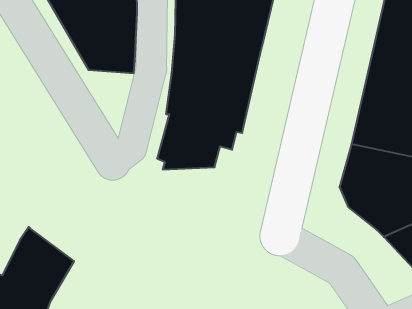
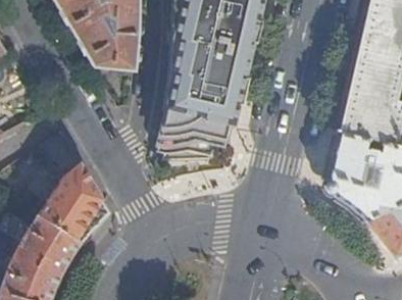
building: none -> [17,131,110,243]

